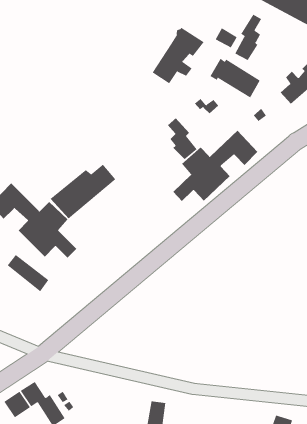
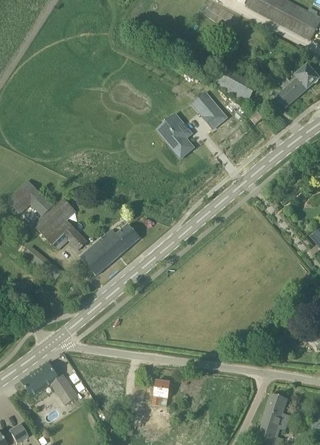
building: [235,14,262,61] -> none
building: [152,27,204,84] -> none
building: [172,130,258,202] -> none
building: [50,164,116,219] -> [79,223,140,274]

